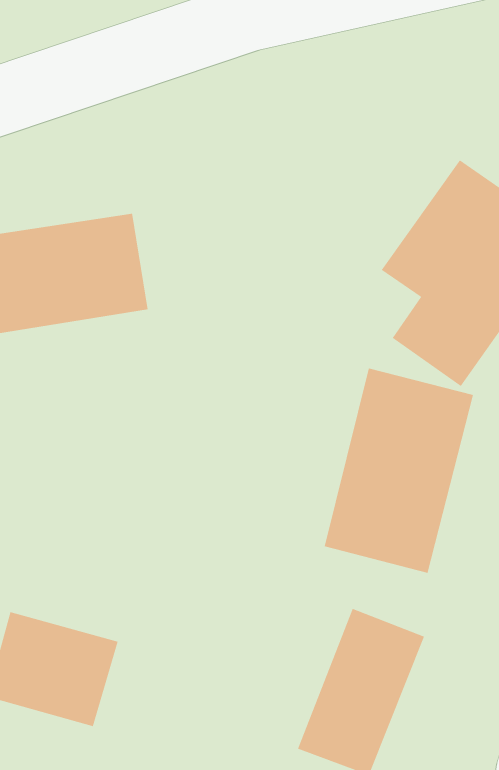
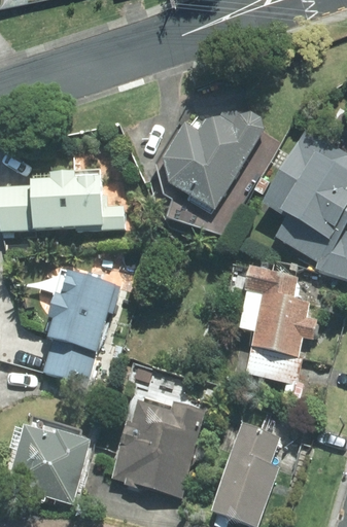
building: none -> [167,91,272,215]
building: none -> [27,264,116,386]
building: none -> [109,391,203,497]

